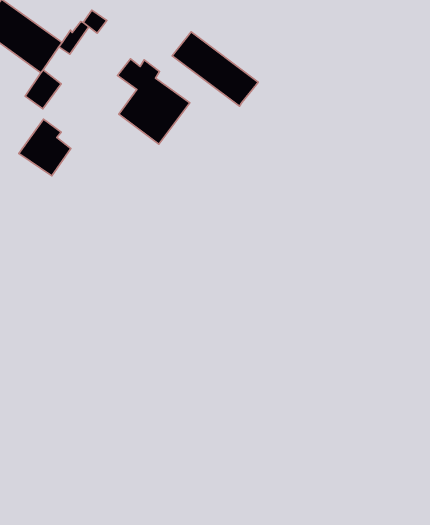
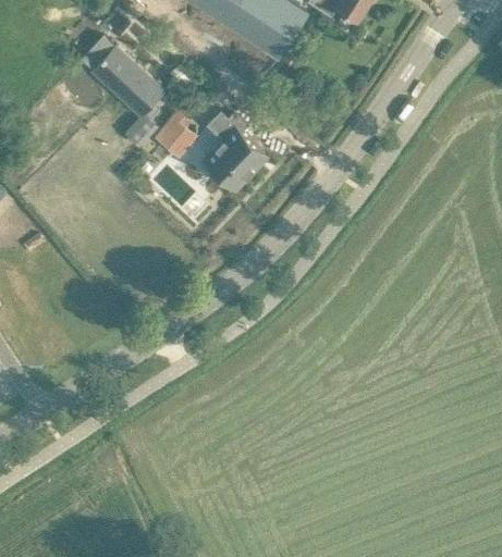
building: [172,32,258,106] -> none
building: [19,119,71,176] -> [148,104,194,154]

